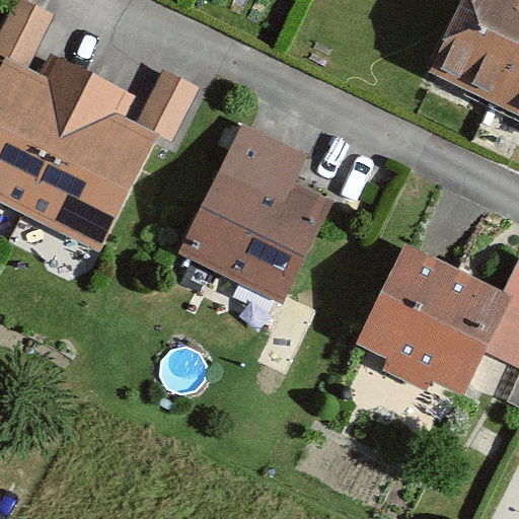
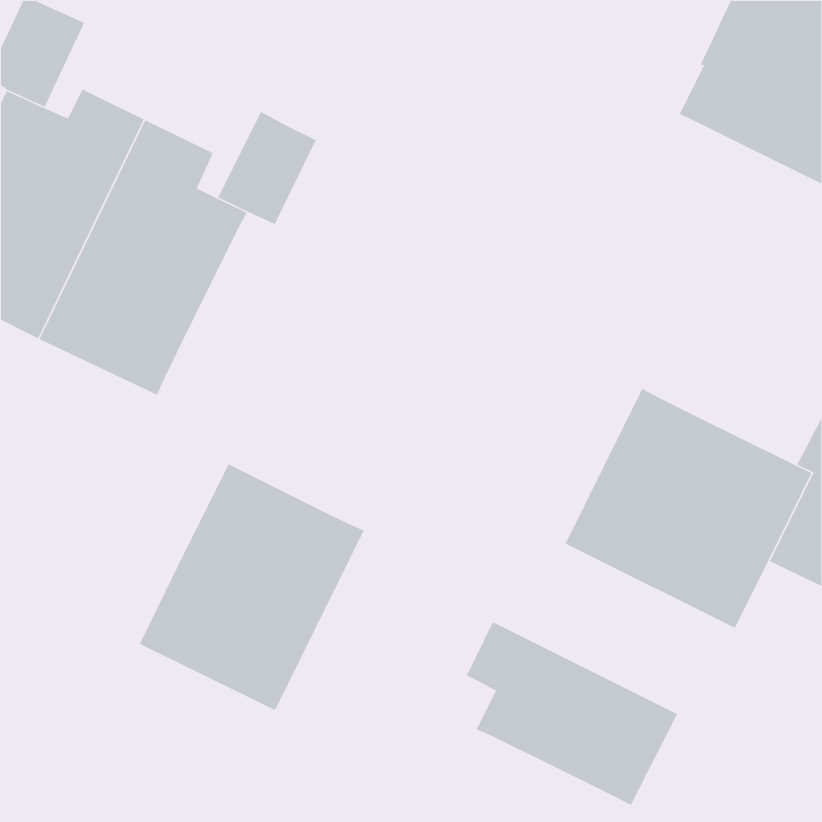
building: [176,122,331,305] -> none
building: none -> [139,463,365,711]
building: none -> [466,621,678,806]

